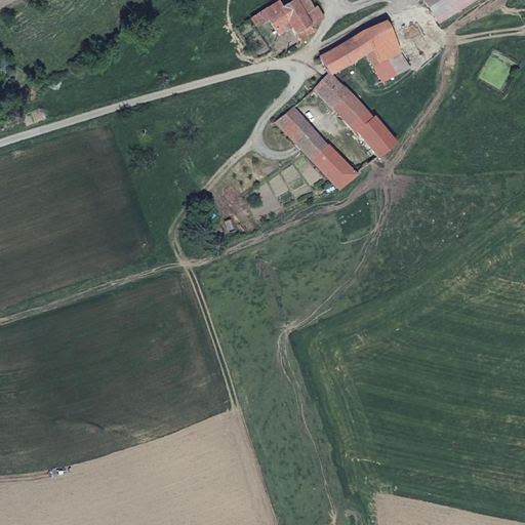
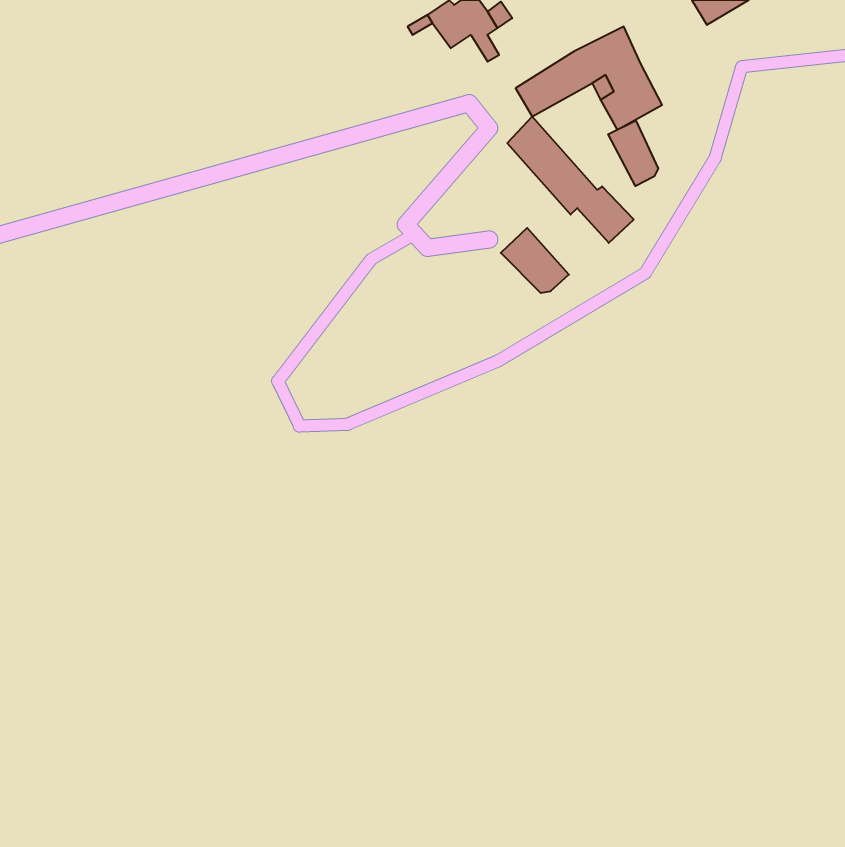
building: none -> [608,120,658,186]
building: [279,108,328,158] -> none

